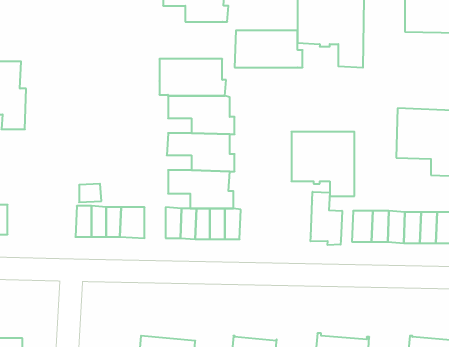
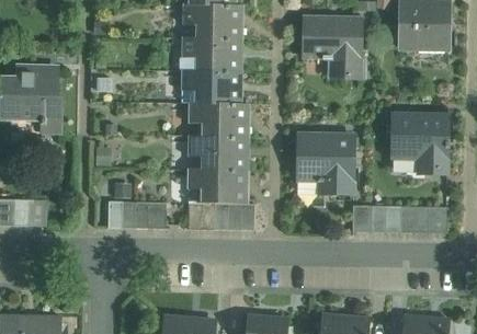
building: [235,30,303,67] -> [181,37,241,70]
building: [311,192,342,245] -> none

